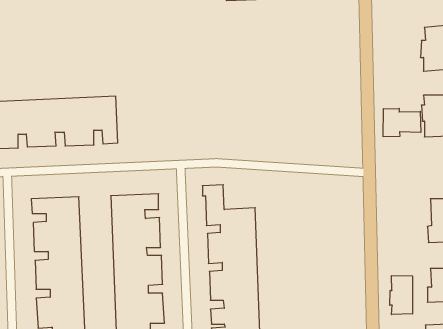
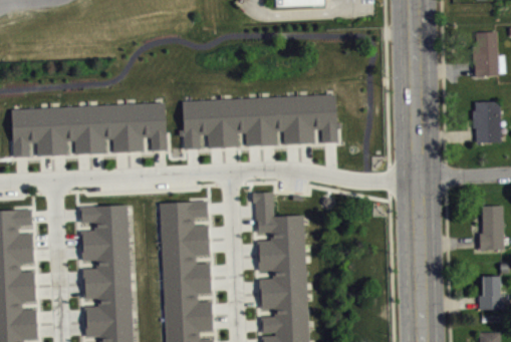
building: none -> [179,95,342,149]
building: [383,108,421,137] -> none
building: [390,276,412,315] -> none

